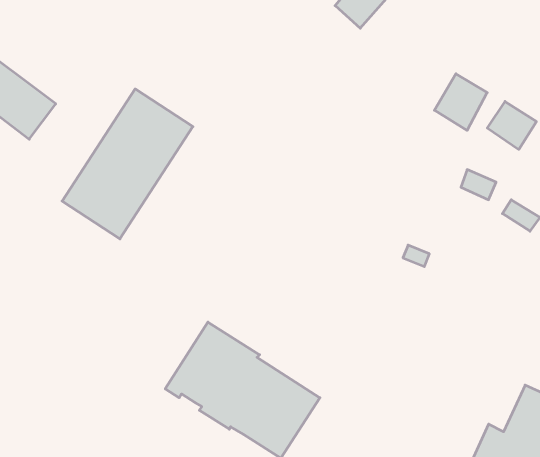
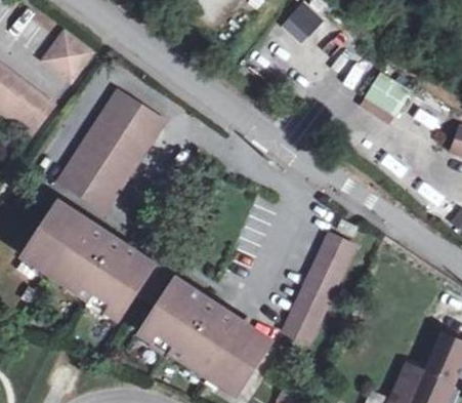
building: none -> [45,29,93,77]
building: none -> [28,205,153,317]
building: none -> [283,231,359,344]

